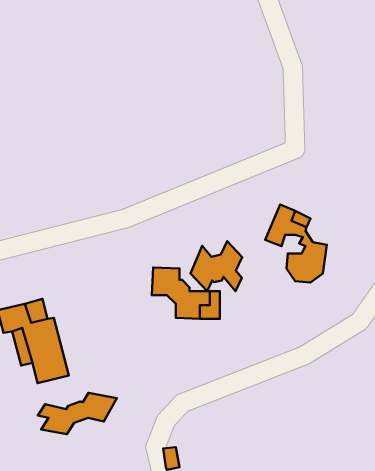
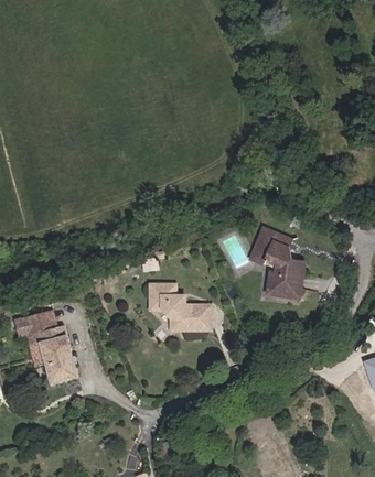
building: [190,241,242,291] -> none
building: [38,393,117,434] -> none

